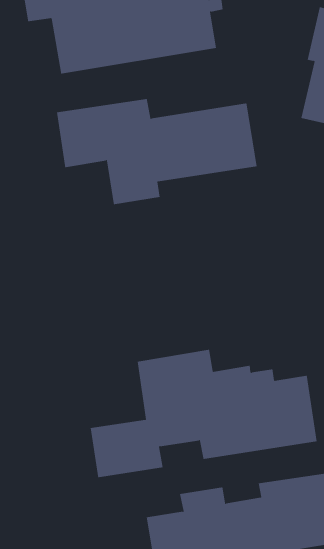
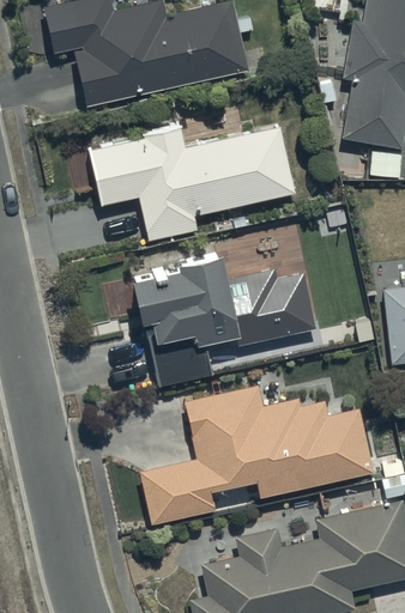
building: none -> [127,250,307,388]

